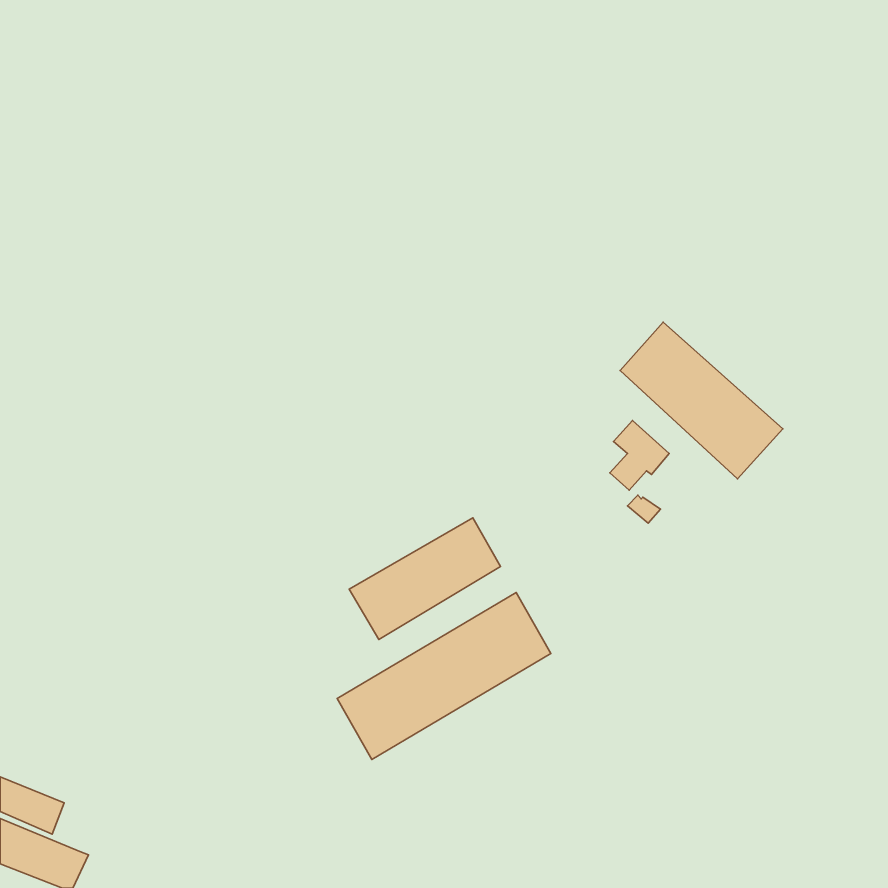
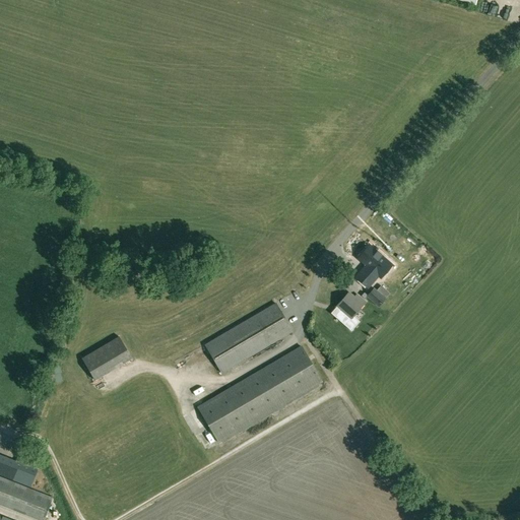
building: [620,322,783,479] -> none
building: none -> [336,292,365,319]
building: none -> [81,336,132,381]

